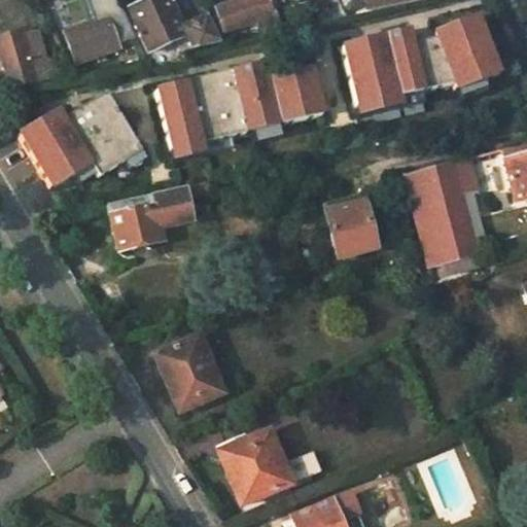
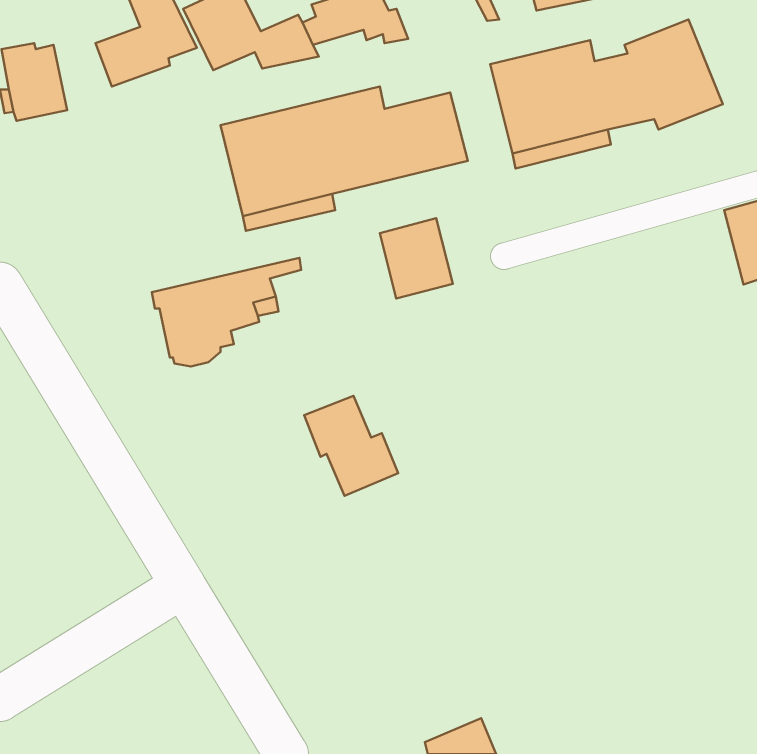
building: [19,92,142,188] -> none
building: [408,152,480,260] -> none
building: [328,197,379,252] -> [380,218,453,299]
building: [159,339,223,408] -> [304,396,398,496]
building: [221,427,293,501] -> none

